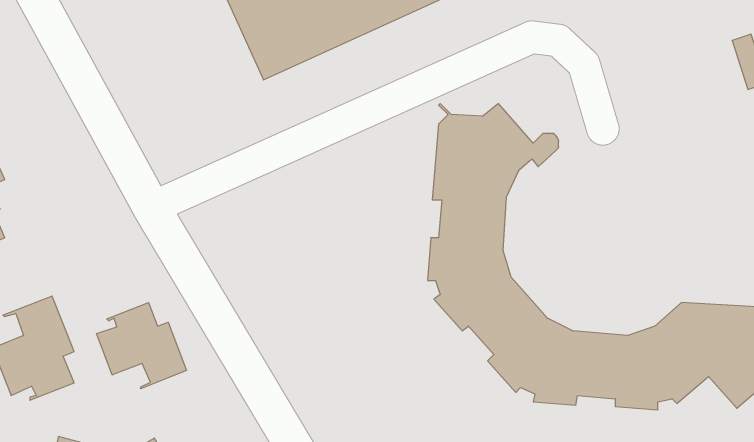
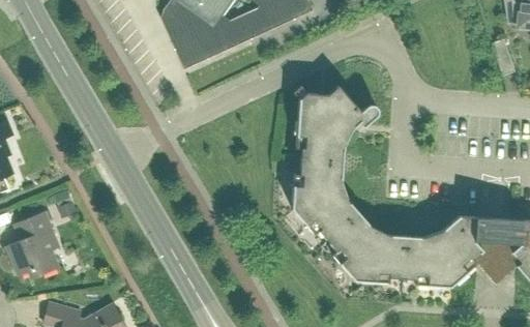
building: [96,303,187,389] -> none

